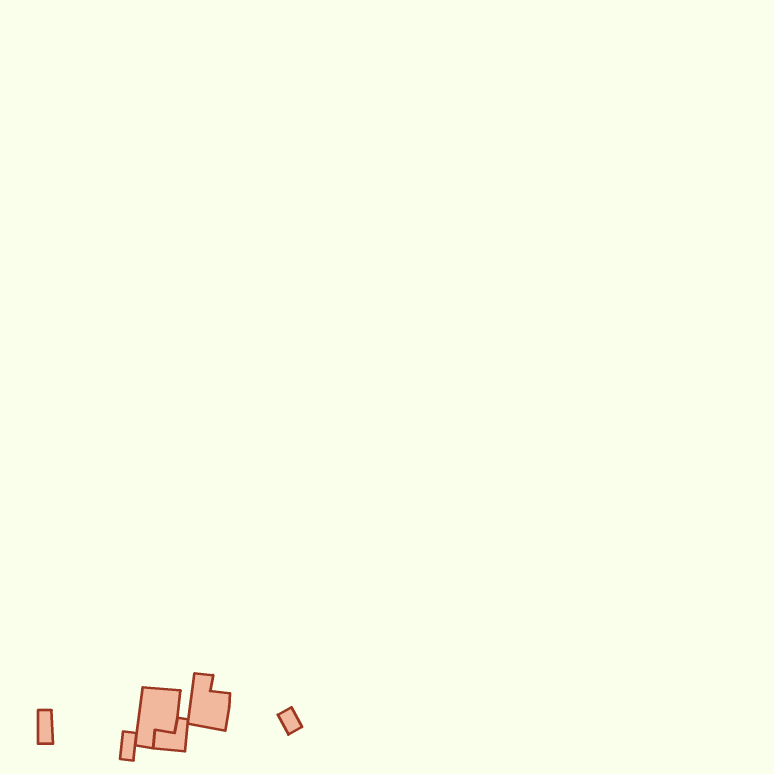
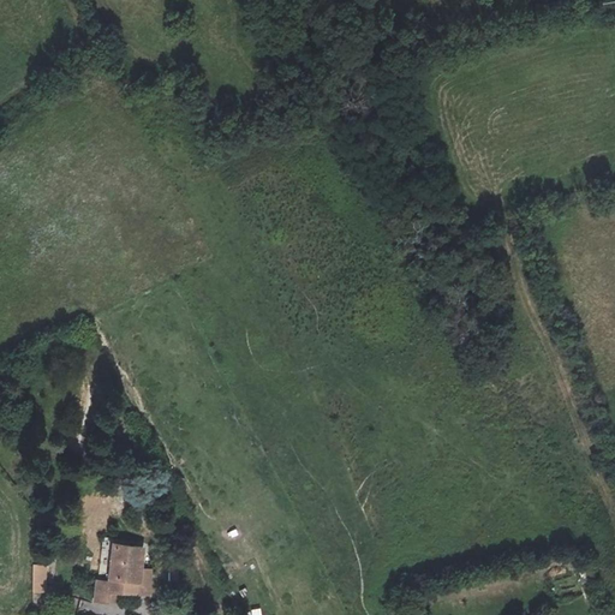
building: [188,673,230,731] -> none

